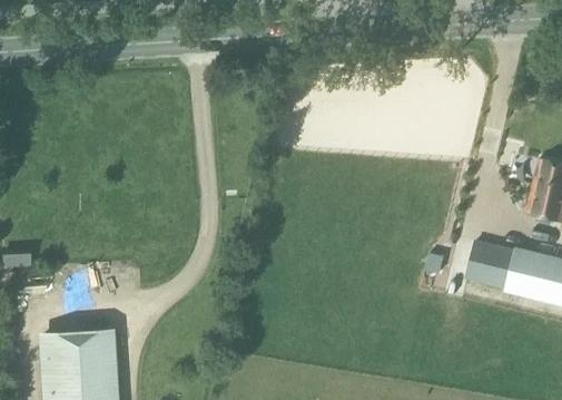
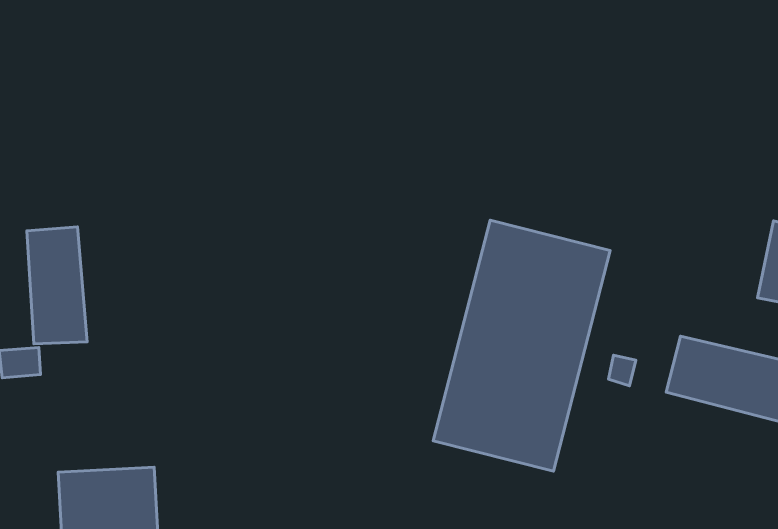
building: none -> [433,220,610,471]
building: none -> [27,227,87,344]

